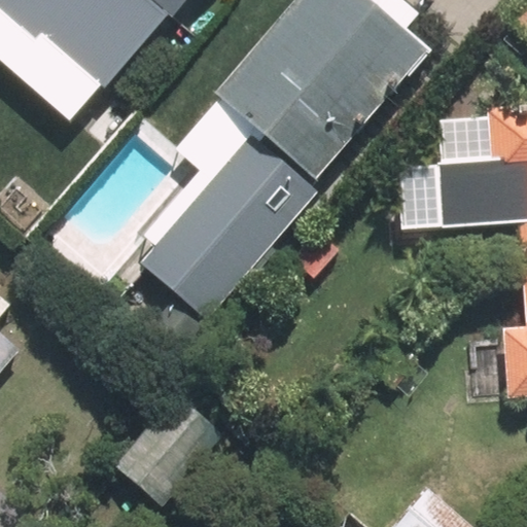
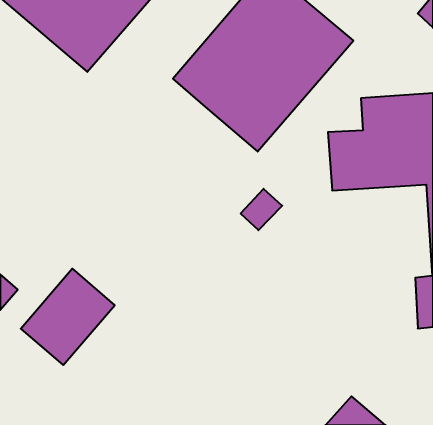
building: [137,130,319,319] -> none
building: [115,392,230,510] -> [21,269,115,365]

